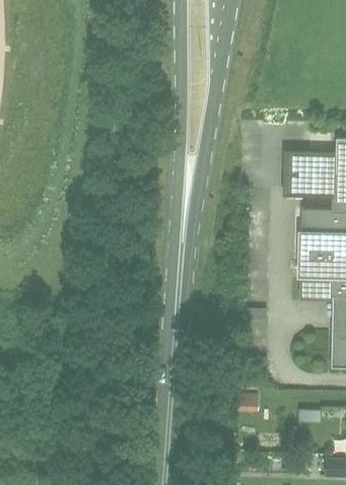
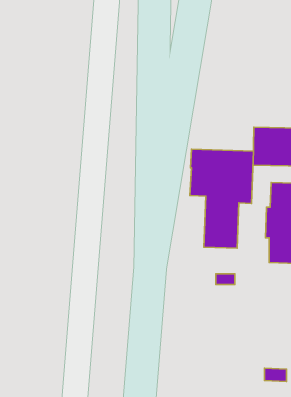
building: none -> [190,149,253,248]

